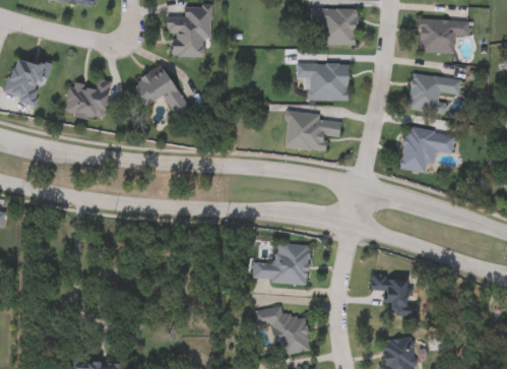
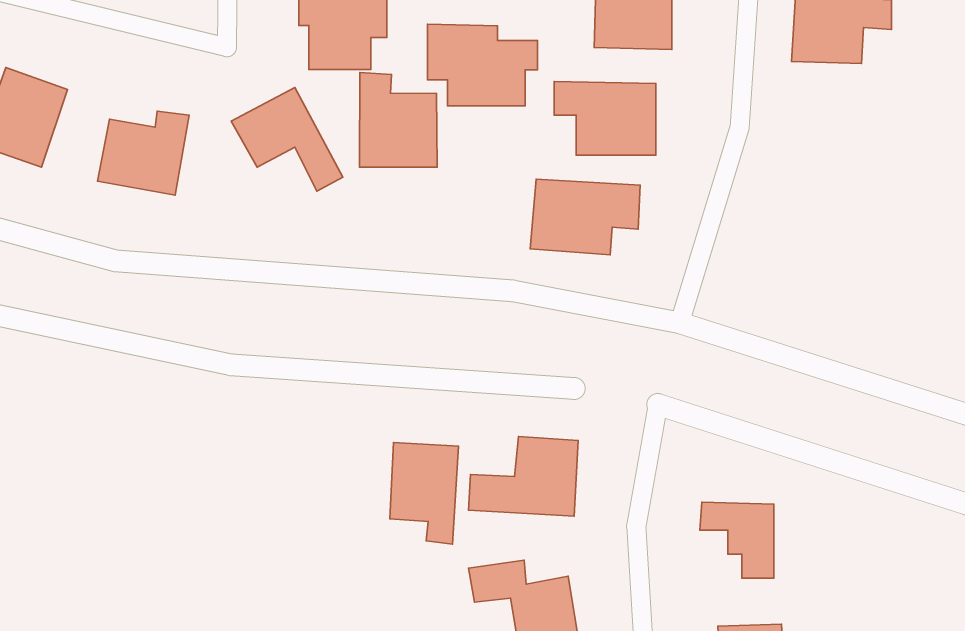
building: none -> [428,24,538,106]
building: none -> [359,73,437,167]
building: [407,73,460,113] -> none
building: [397,125,455,174] -> none
building: none -> [390,443,458,544]

